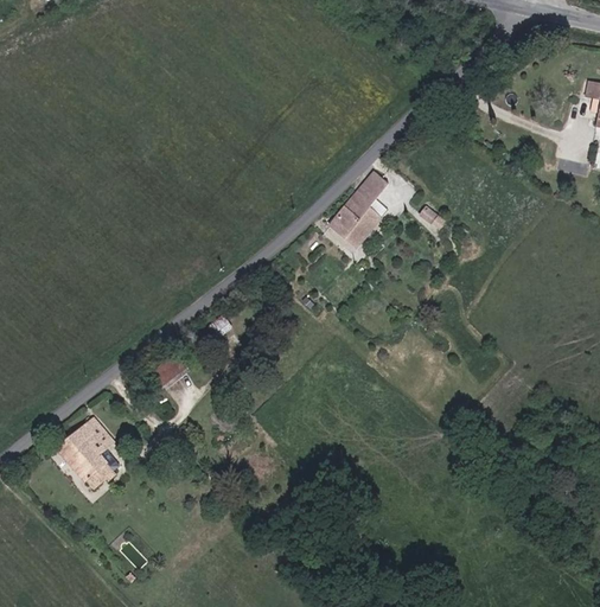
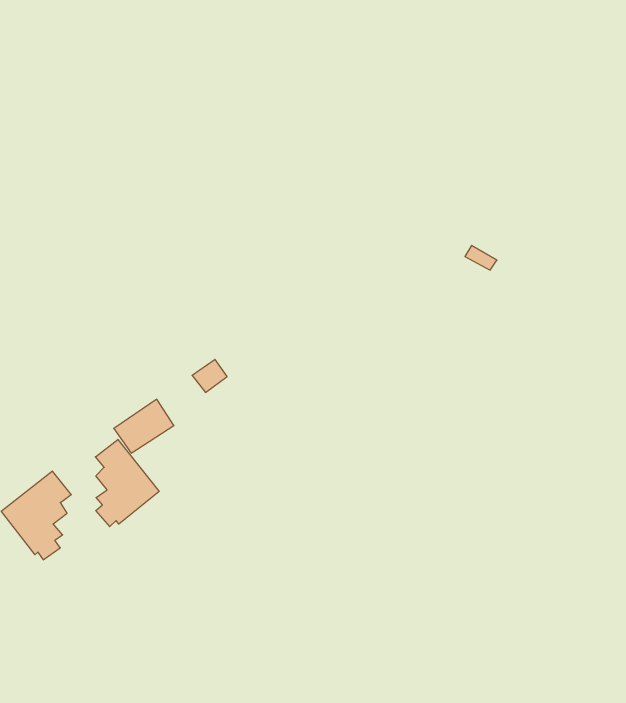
building: [328,171,388,248] -> none
building: none -> [95,439,159,527]

